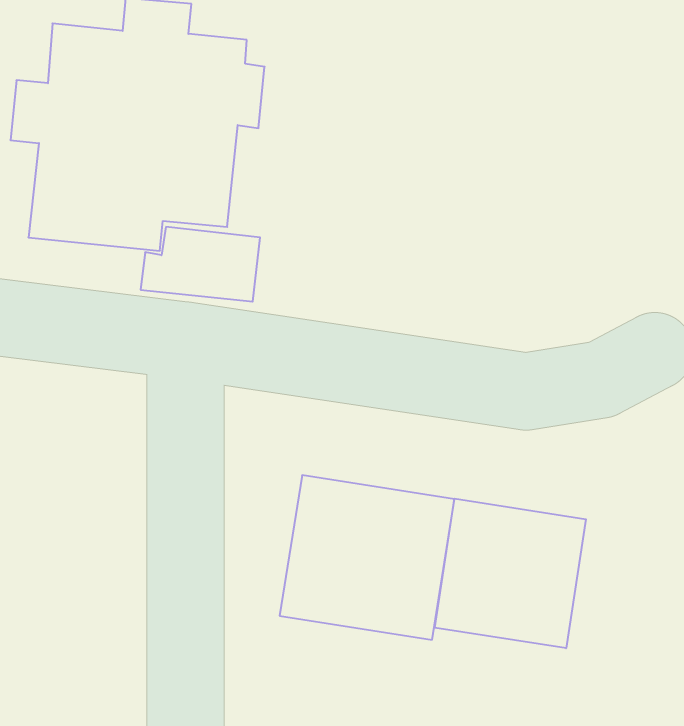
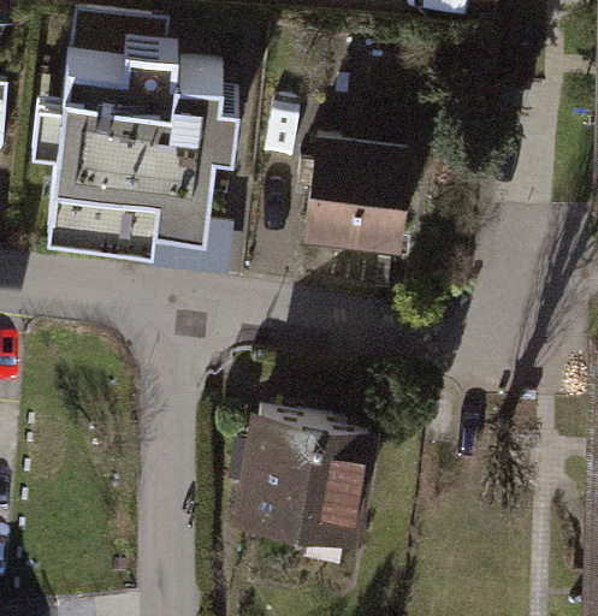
building: none -> [308,135,419,248]
building: [435,499,586,648] -> none

